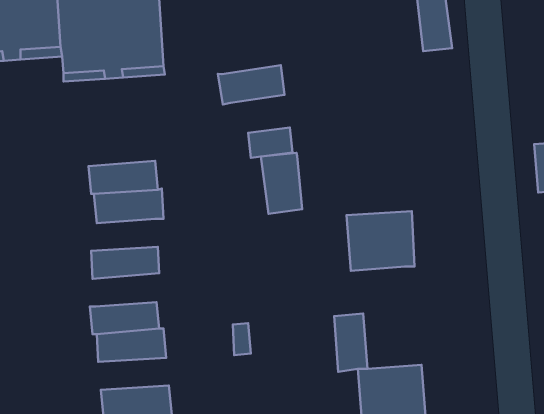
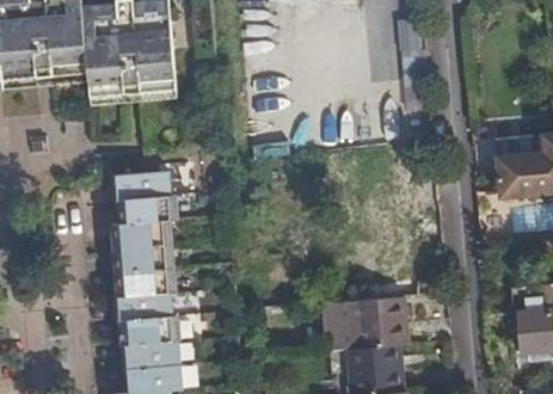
building: [218,65,284,105] -> none
building: [261,153,302,214] -> none
building: [347,211,415,271] -> [348,298,406,350]
building: none -> [110,221,171,248]
building: none -> [115,267,174,296]
building: none -> [119,340,180,368]

